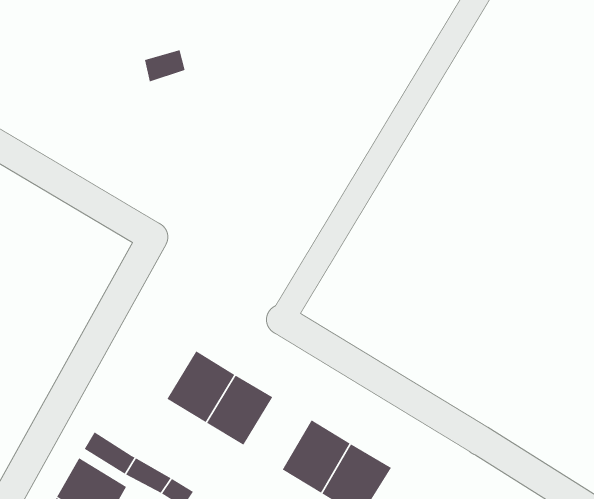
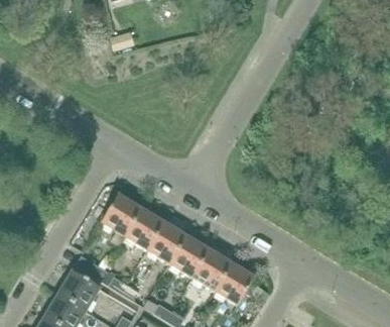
building: none -> [101,194,140,236]
building: none -> [168,235,208,278]

